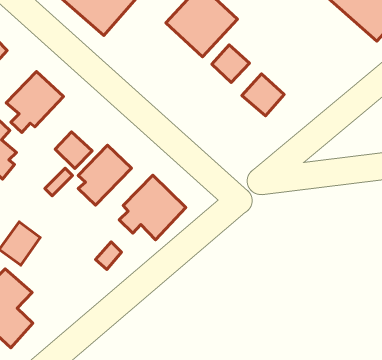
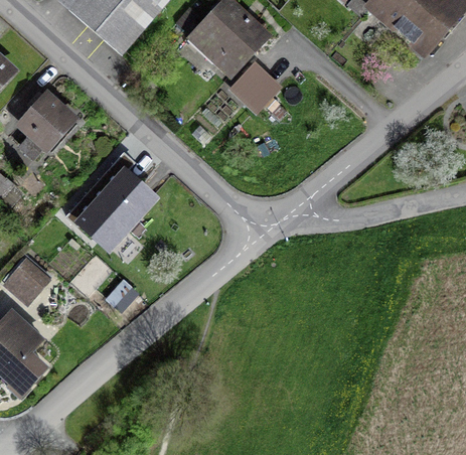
building: [242,74,284,116] -> none
building: [55,132,92,169] -> none
building: [119,175,186,240] -> none

